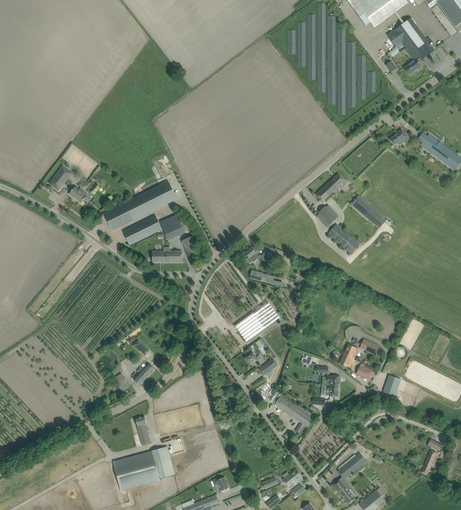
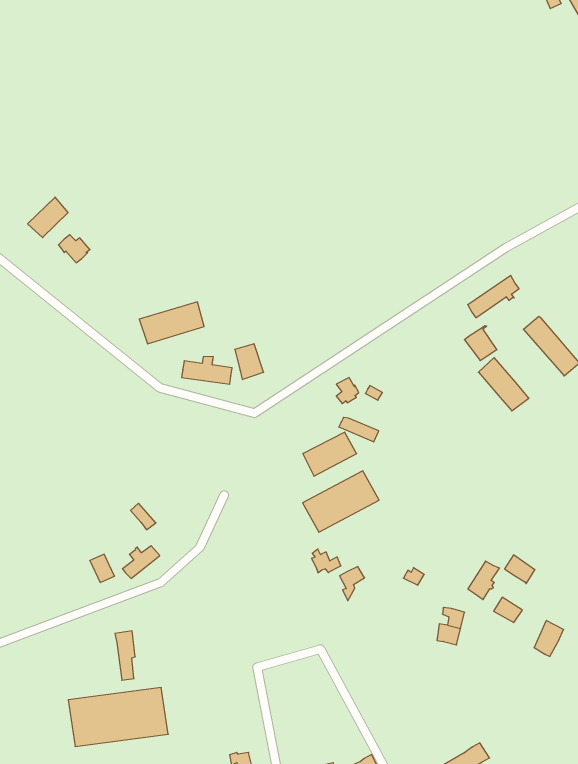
building: [104,180,177,230] -> none
building: [160,214,185,239] -> none
building: none -> [303,432,357,476]
building: [275,393,317,437] -> none

